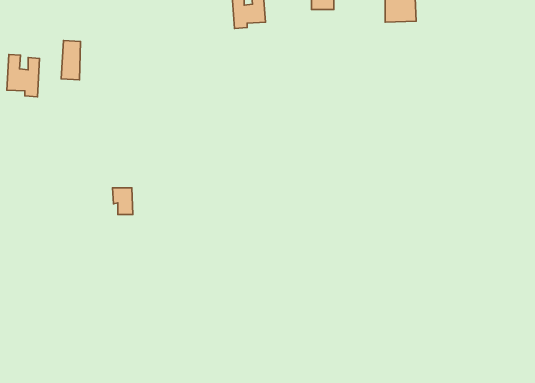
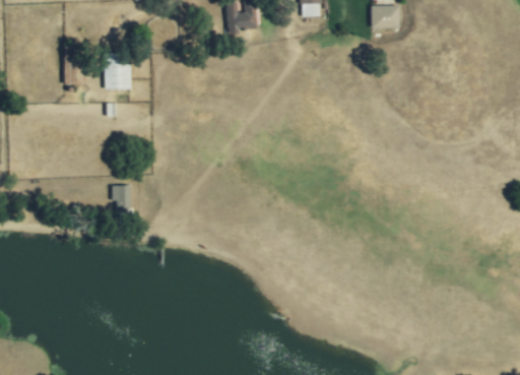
building: none -> [104,53,131,89]
building: [7,54,40,97] -> none

